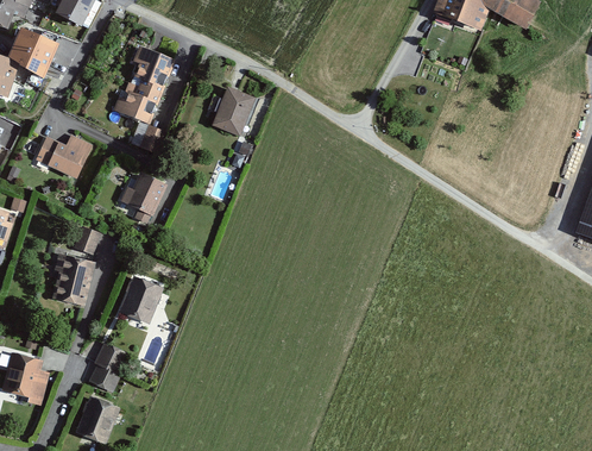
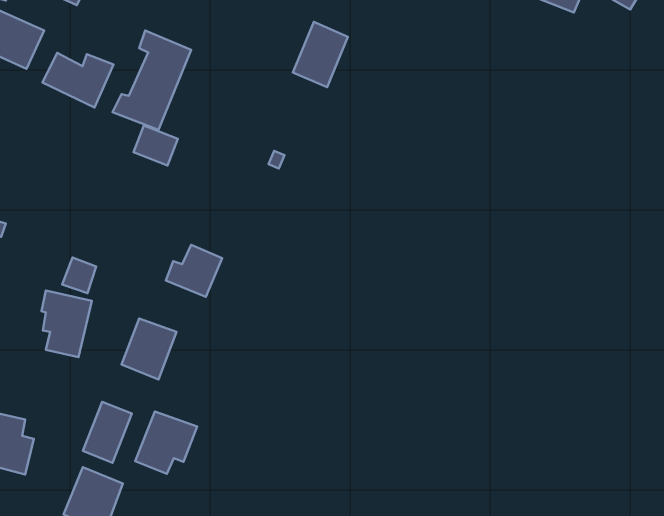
building: [212,84,256,137] -> [293,22,348,87]
building: [33,136,90,180] -> [42,53,114,108]
building: [120,174,165,215] -> [166,245,222,297]
building: none -> [135,411,197,474]

